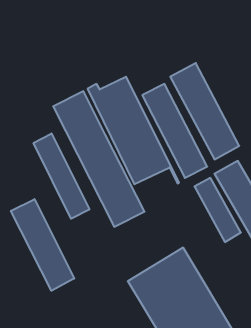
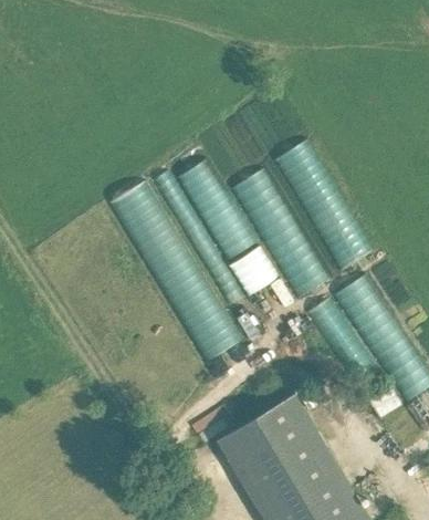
building: [34,133,89,219] -> none
building: [11,199,74,291] -> none

